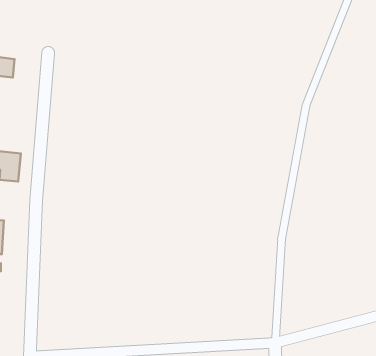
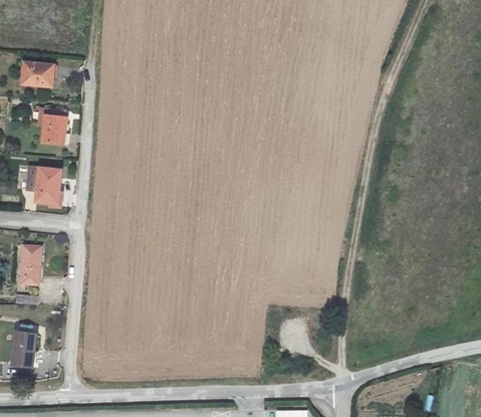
building: none -> [41,113,64,146]

